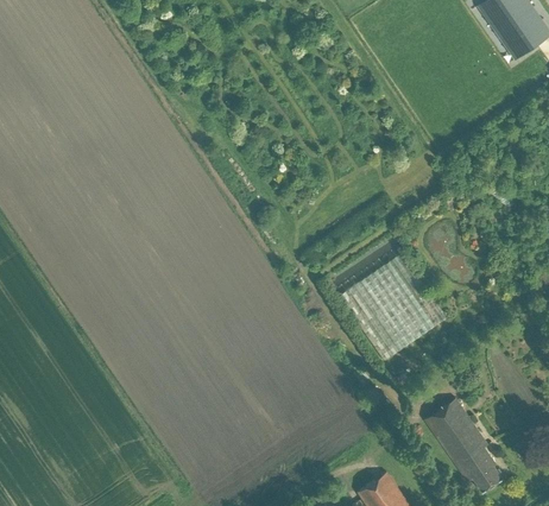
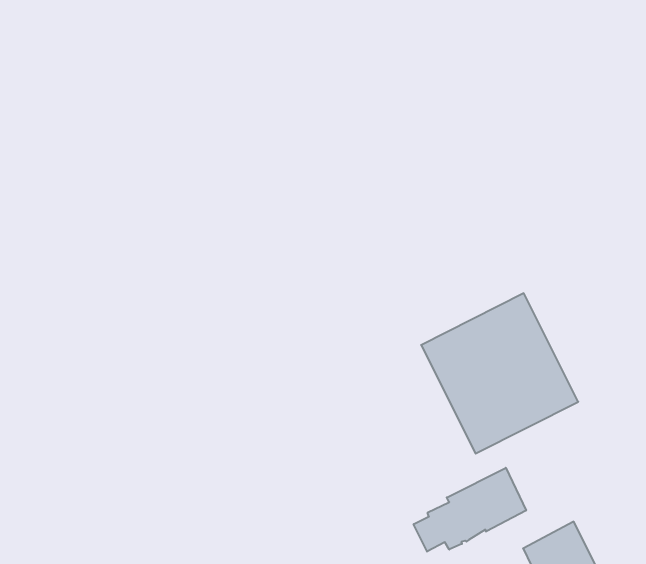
building: none -> [414,468,526,552]

